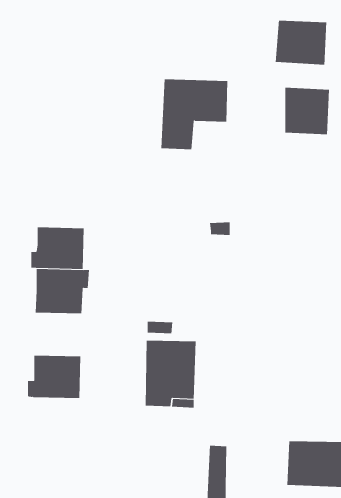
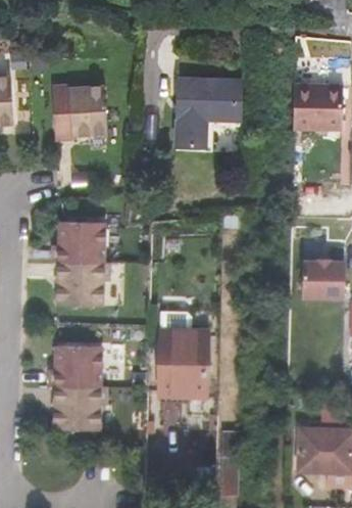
building: [275,20,327,65] -> none
building: none -> [51,84,108,140]
building: none -> [303,259,346,299]
building: none -> [52,386,105,430]

